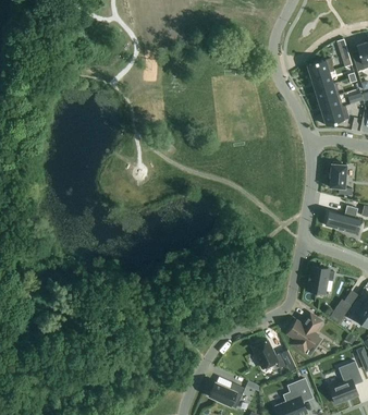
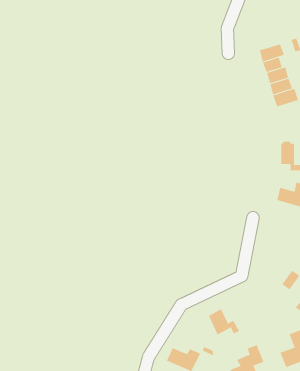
building: [308,267,334,294] -> none
building: [287,314,322,353] -> none

